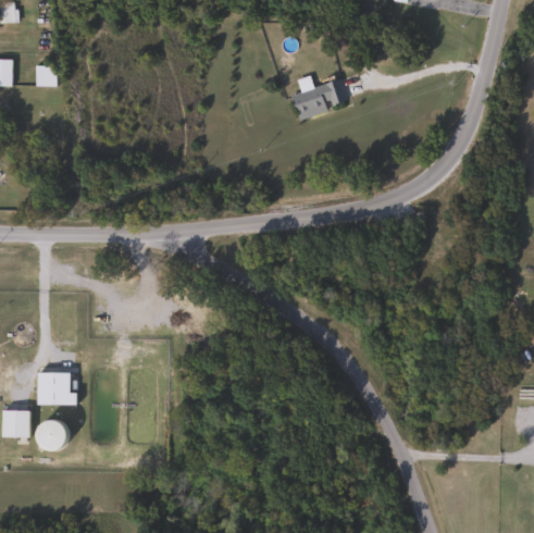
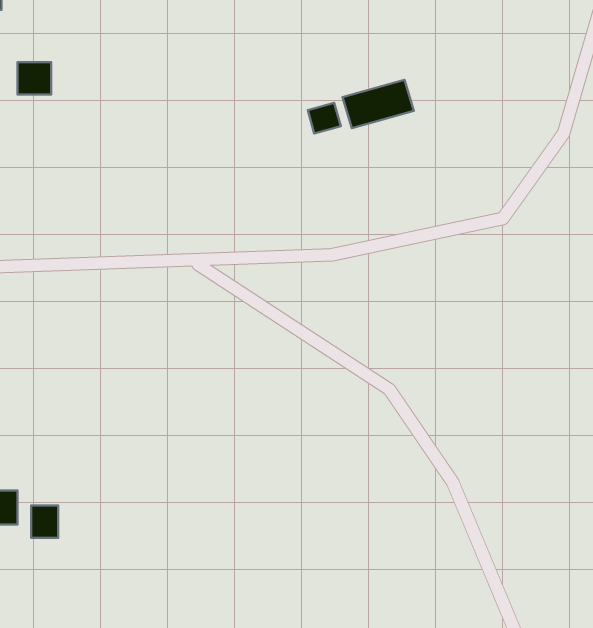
building: none -> [308,103,341,134]
building: [38,372,77,405] -> none

